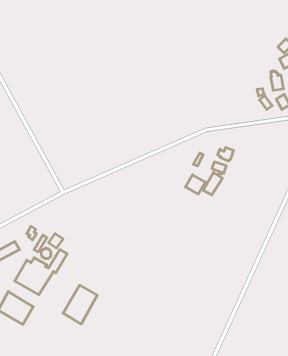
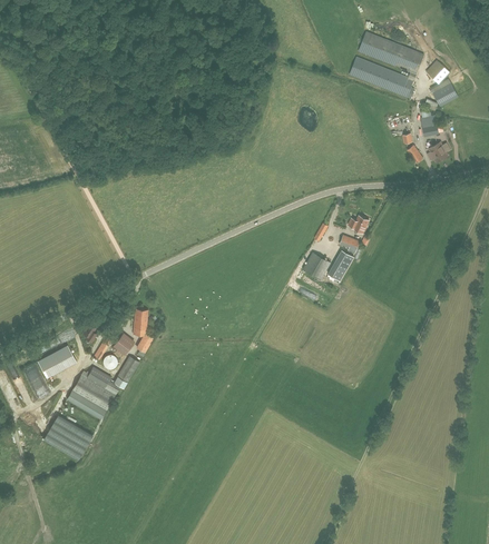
building: none -> [349,31,423,98]
building: none -> [131,308,151,352]
building: [63,285,97,324] -> none

